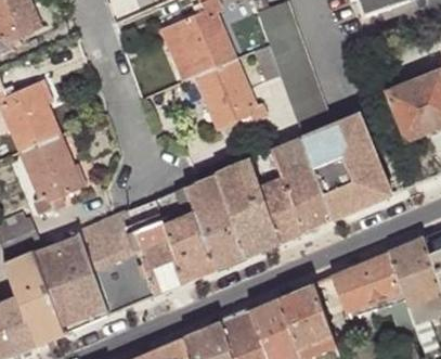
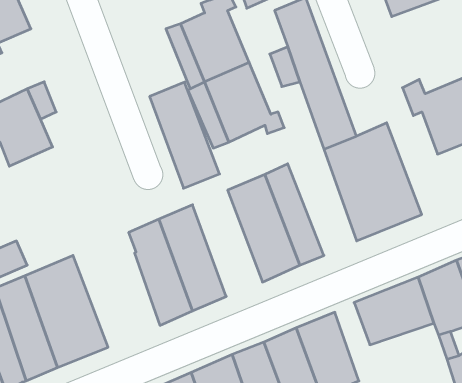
building: [21,134,82,215] -> none
building: [271,137,333,232] -> none
building: [185,174,248,269] -> [150,82,220,188]
building: [78,211,156,315] -> none

